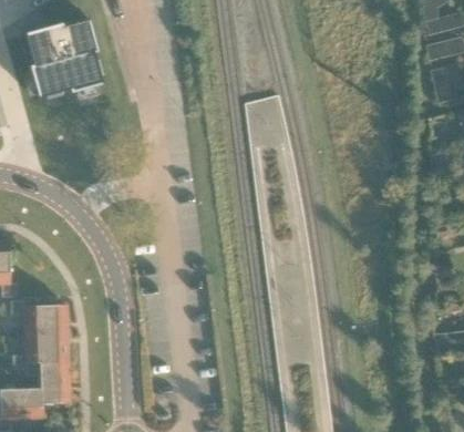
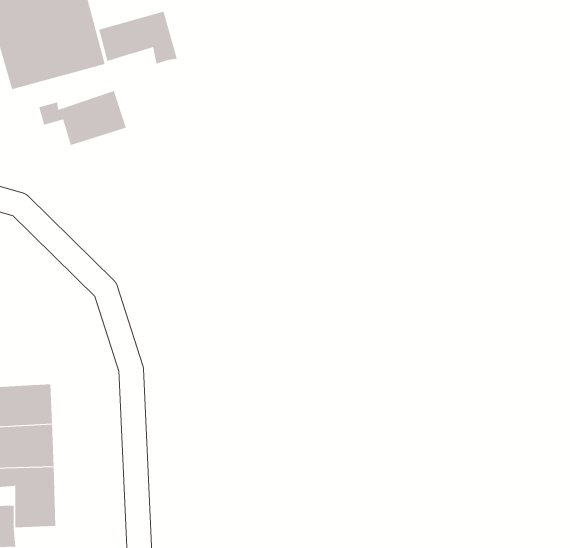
building: none -> [98,11,178,64]
building: none -> [39,90,127,146]

